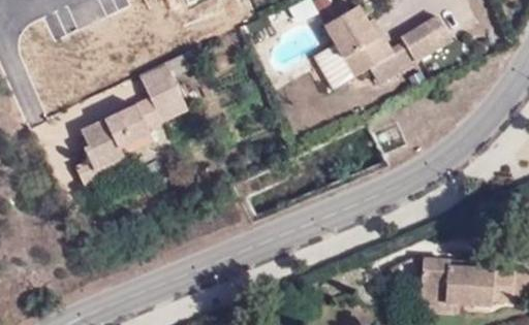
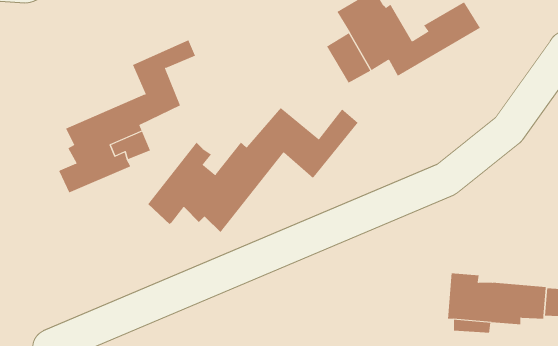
building: none -> [148,107,359,233]

